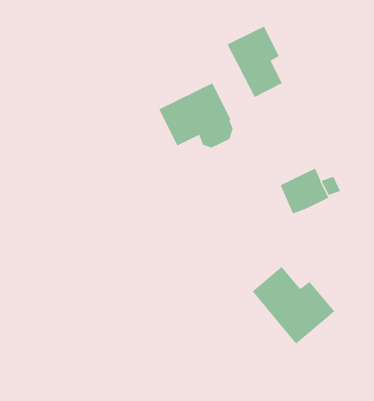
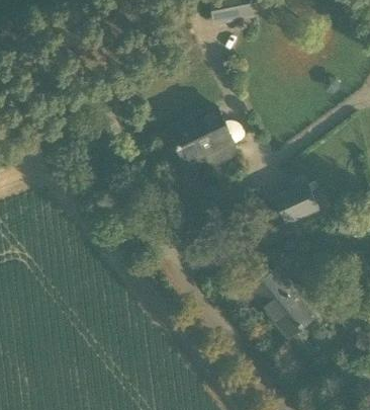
building: [227,26,283,98] -> none

